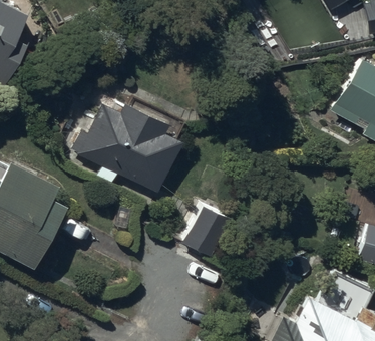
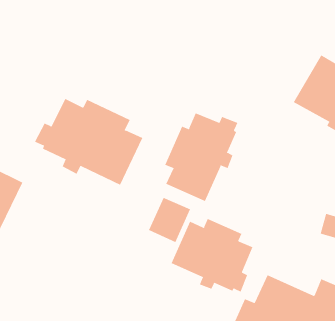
building: none -> [165,112,238,202]
building: none -> [171,218,253,292]

